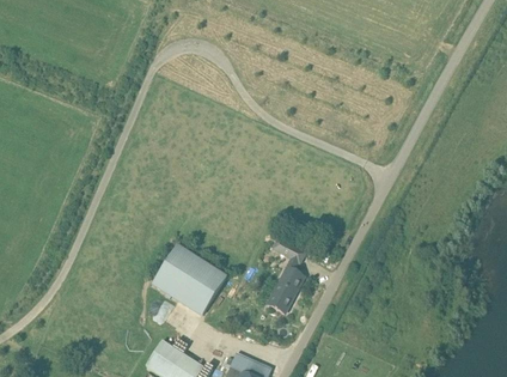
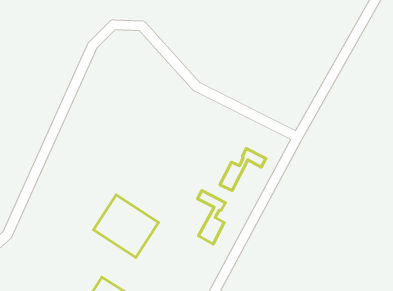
building: none -> [220,149,266,191]

